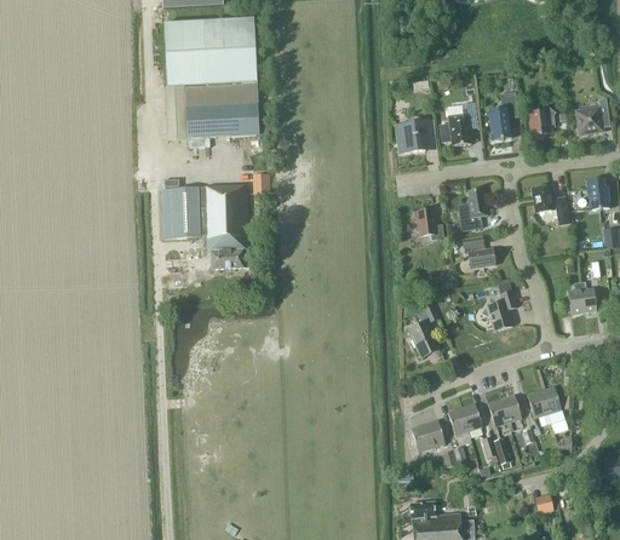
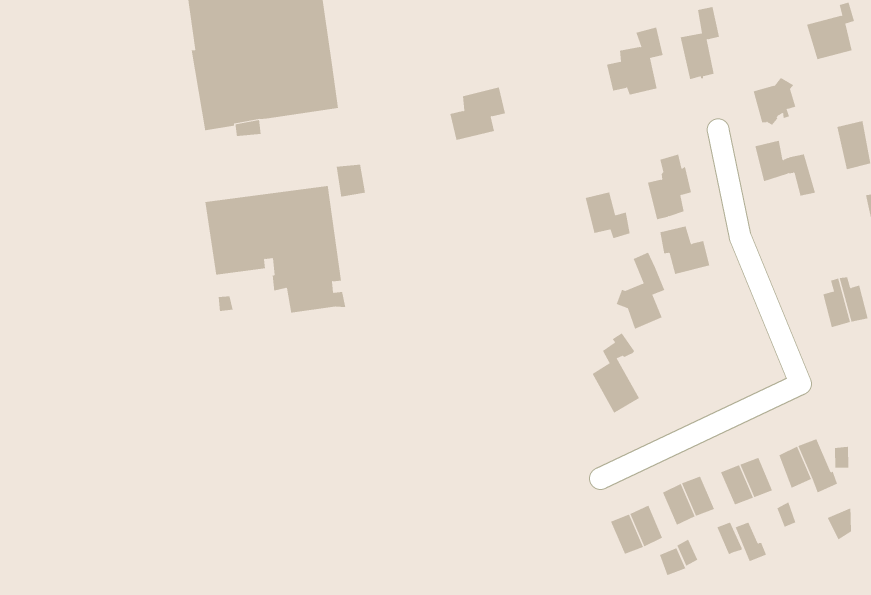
building: [527,105,555,137] -> [753,77,796,125]
building: [396,120,434,153] -> [449,87,506,140]
building: [482,280,516,331] -> [616,252,665,330]

